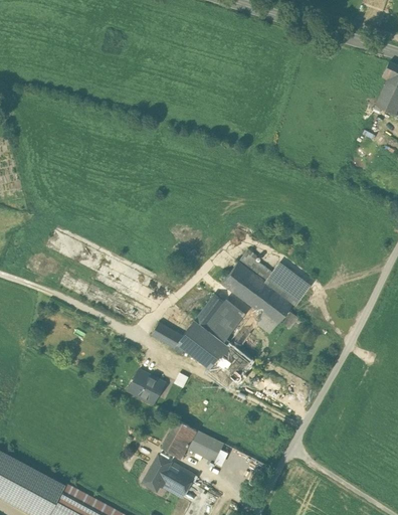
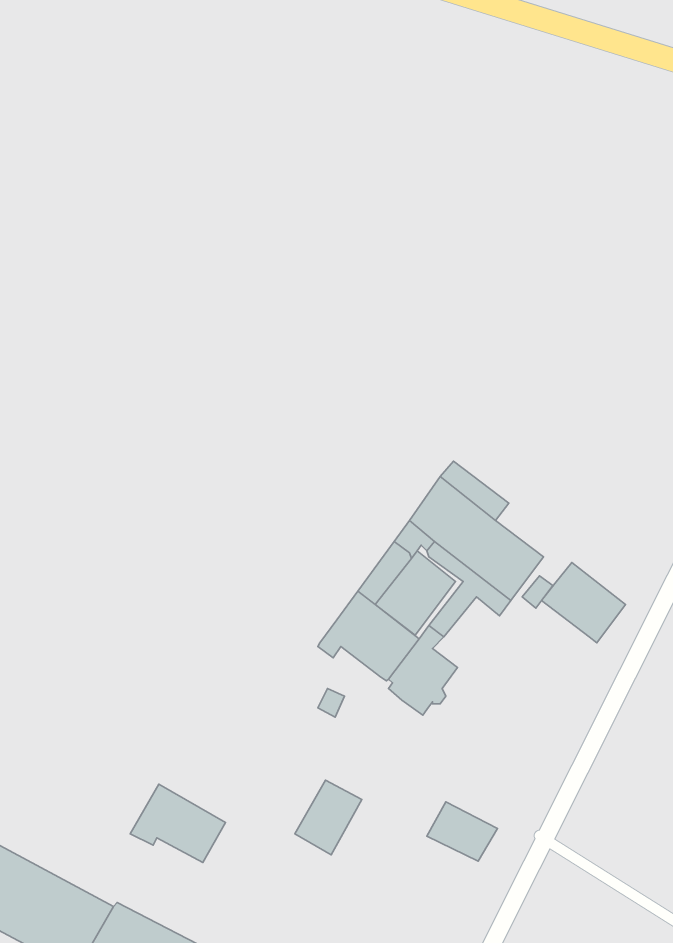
building: [266,264,311,306] -> [541,562,625,643]
building: [150,322,183,348] -> none
building: [128,370,163,403] -> none
building: [186,431,223,462] -> [427,802,497,861]
building: [144,456,194,497] -> [130,784,226,863]

